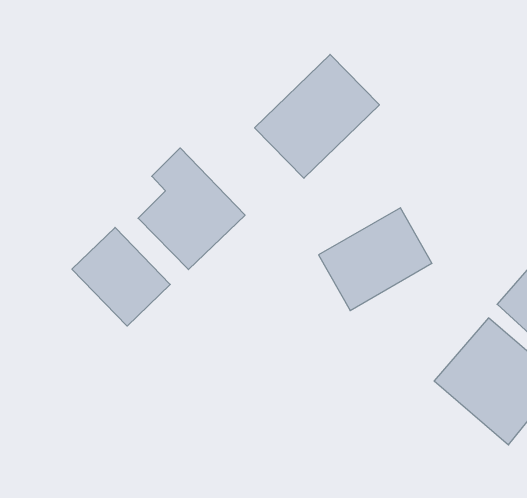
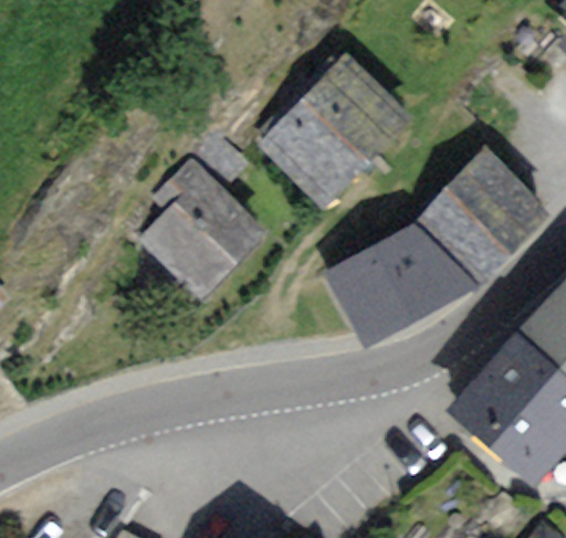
building: none -> [428,155,541,267]
building: [72,227,170,326] -> none

